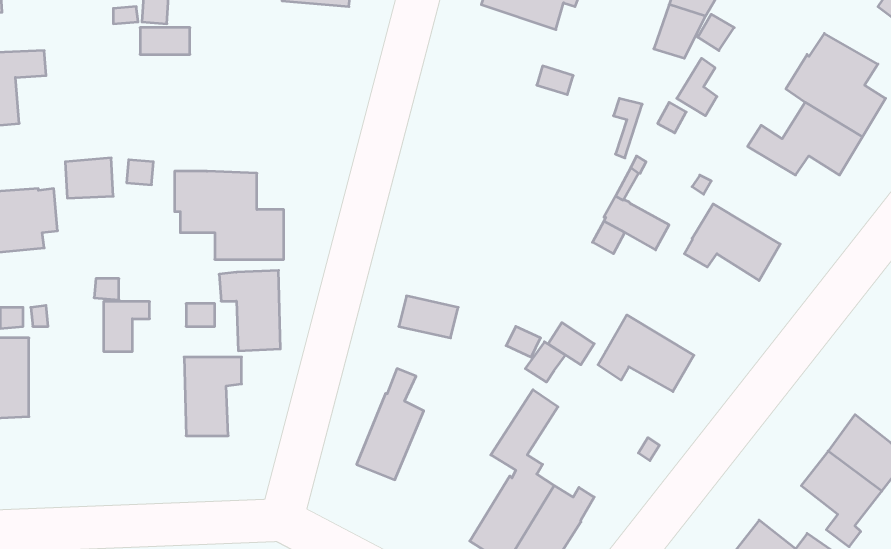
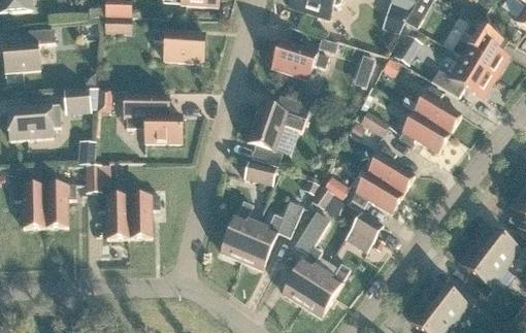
building: none -> [153,30,204,62]
building: none -> [272,41,328,78]
building: none -> [413,86,461,134]
building: none -> [248,96,309,152]
building: none -> [366,146,415,194]
building: [219,270,280,351] -> [96,195,129,238]
building: none -> [44,185,75,227]
building: none -> [241,202,302,270]
building: none -> [350,212,382,243]

